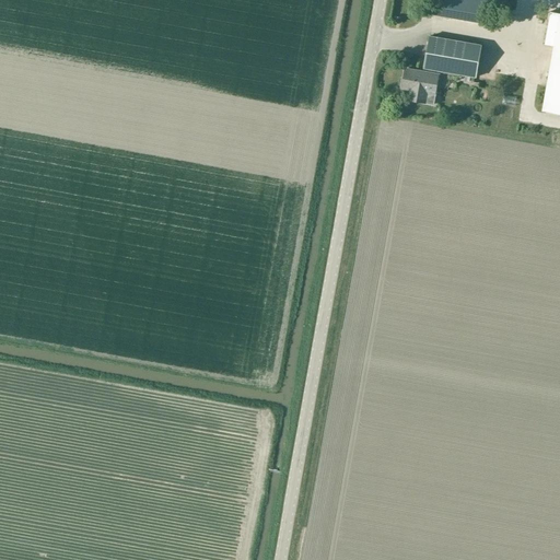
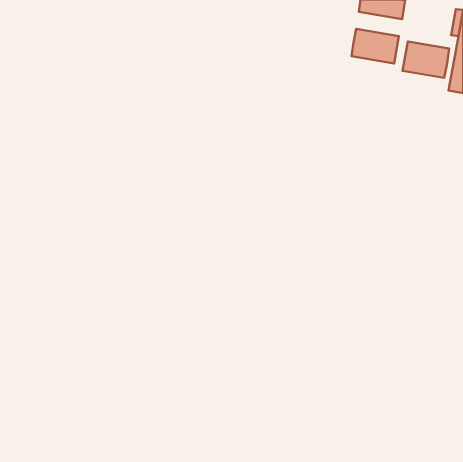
building: none -> [403,41,449,78]
building: [401,68,439,103] -> none

